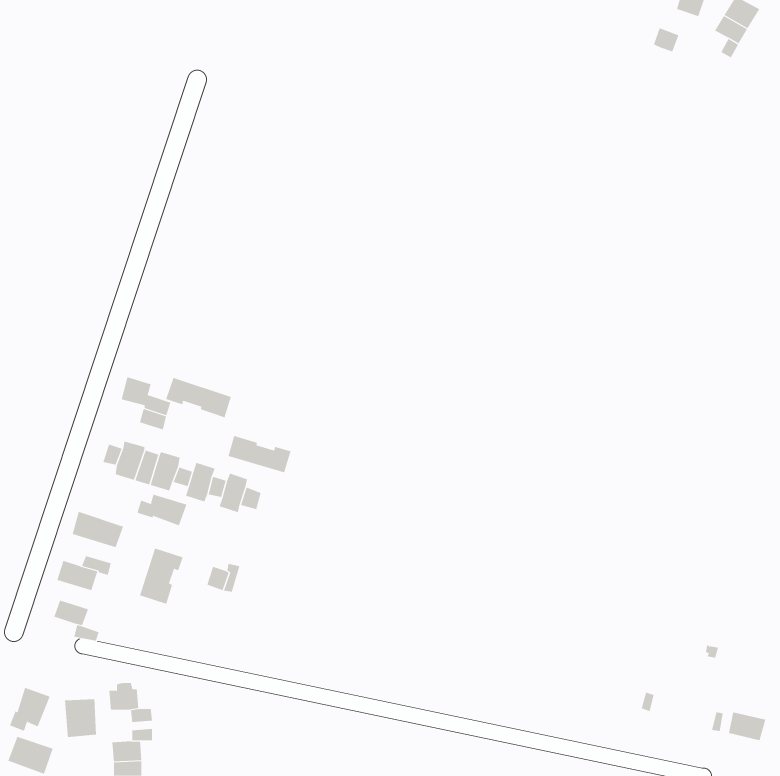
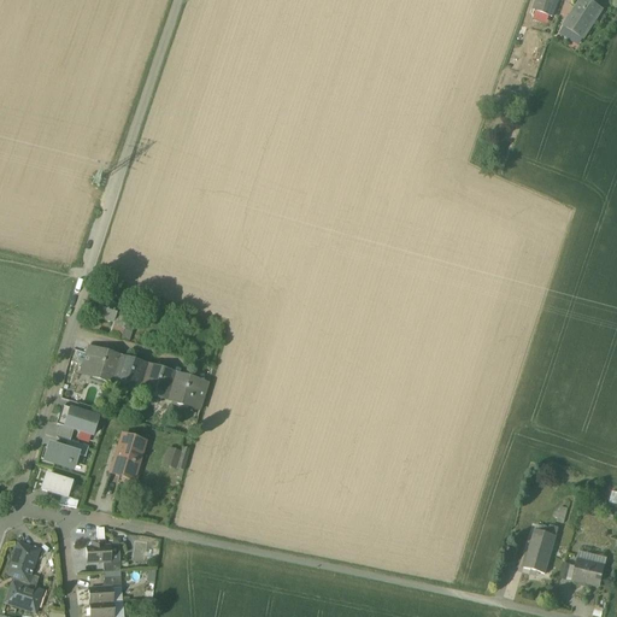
building: [165,377,231,418] -> none
building: [228,435,291,473] -> none
building: [137,494,187,526] -> none
building: none -> [524,522,559,570]
building: [65,699,97,738] -> none

